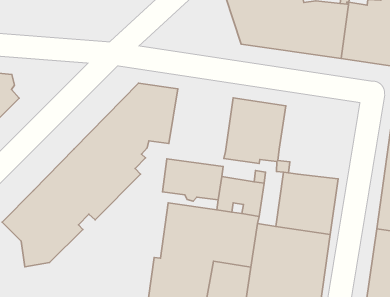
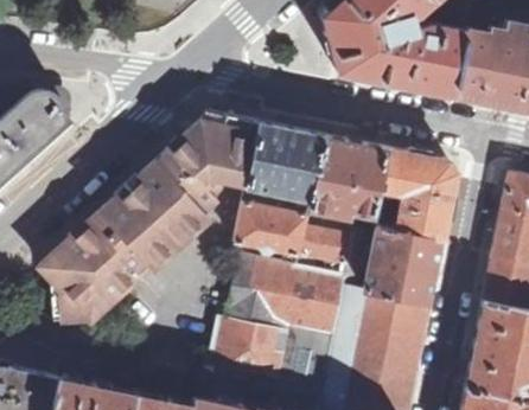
building: none -> [244,122,324,199]
building: none -> [375,149,457,239]

